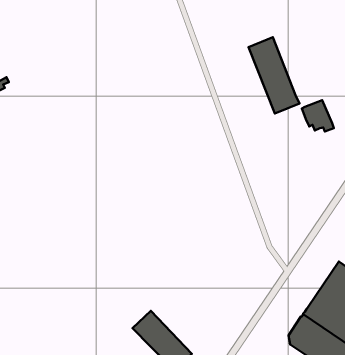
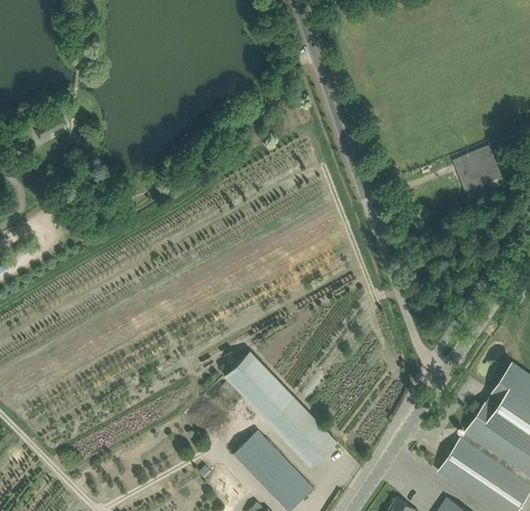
building: [248,37,299,113] -> none
building: none -> [224,352,337,468]

